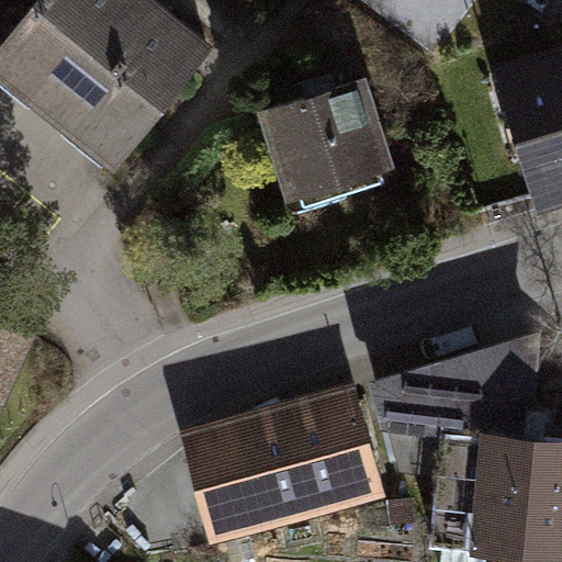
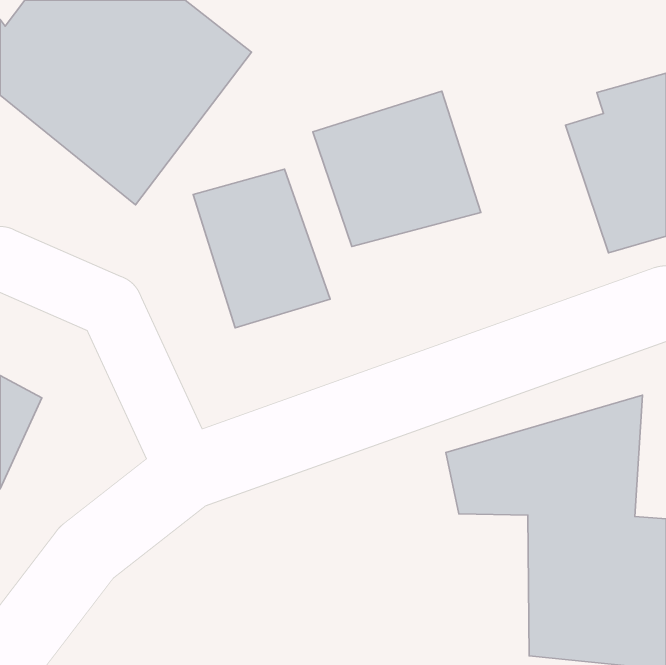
building: none -> [193,169,330,328]
building: [178,379,387,546] -> none

